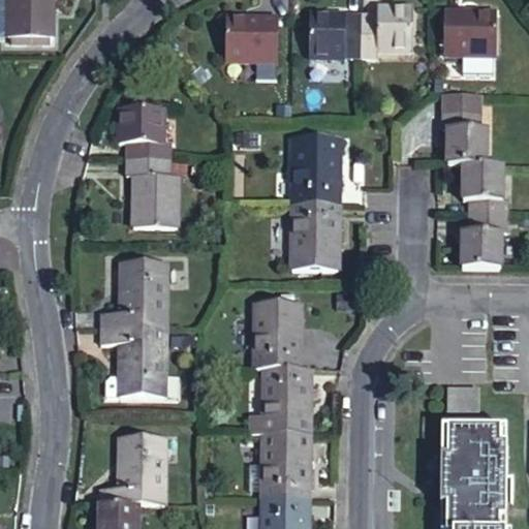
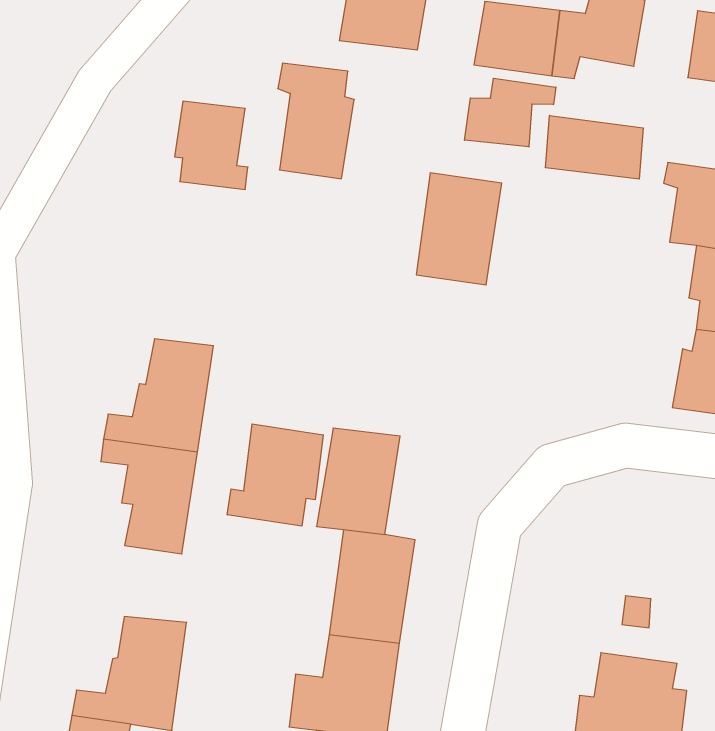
building: none -> [465,78,556,147]
building: none -> [545,115,643,179]
building: [130,157,180,226] -> [278,63,354,179]
building: [288,198,335,266] -> none
building: none -> [227,424,323,526]

